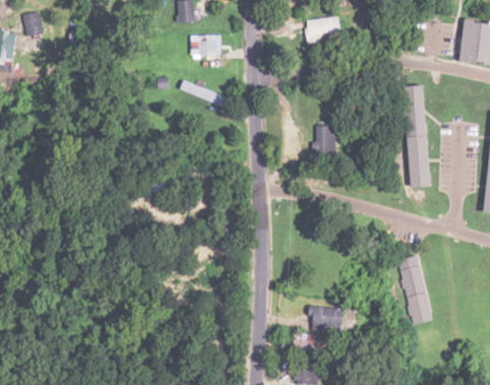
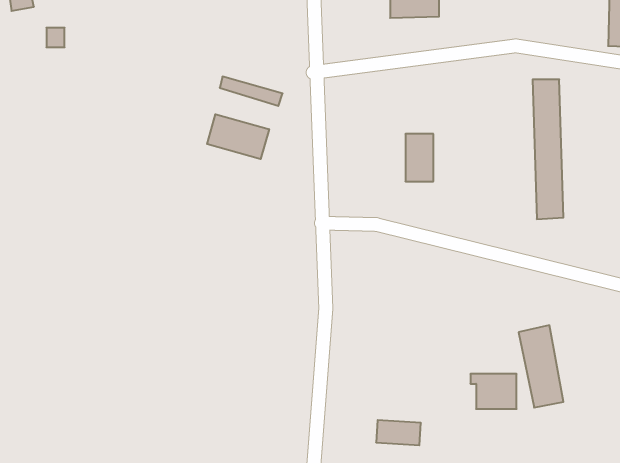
building: [191,36,216,55] -> none
building: none -> [207,114,269,159]
building: [308,307,342,332] -> [470,374,517,409]

